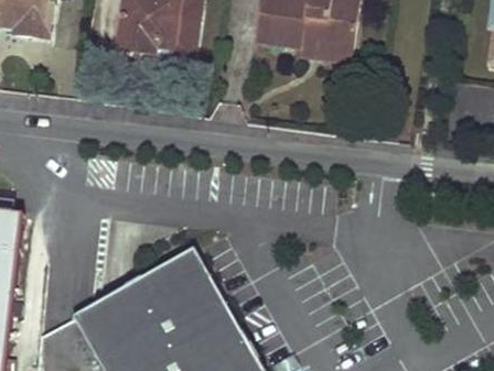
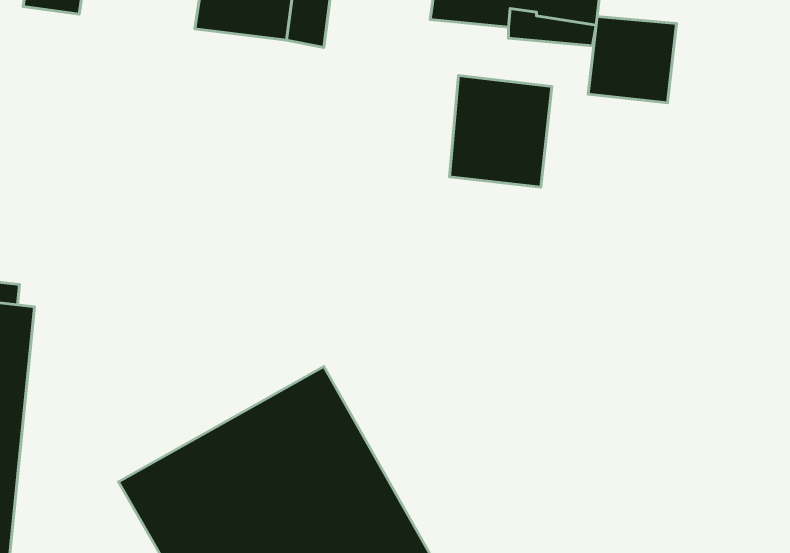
building: none -> [588,17,677,103]
building: none -> [449,76,552,187]

